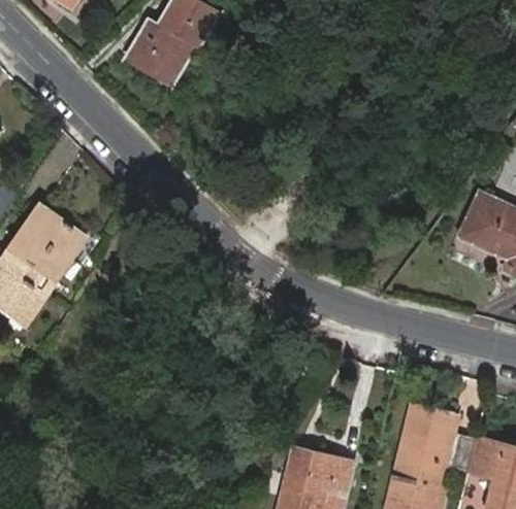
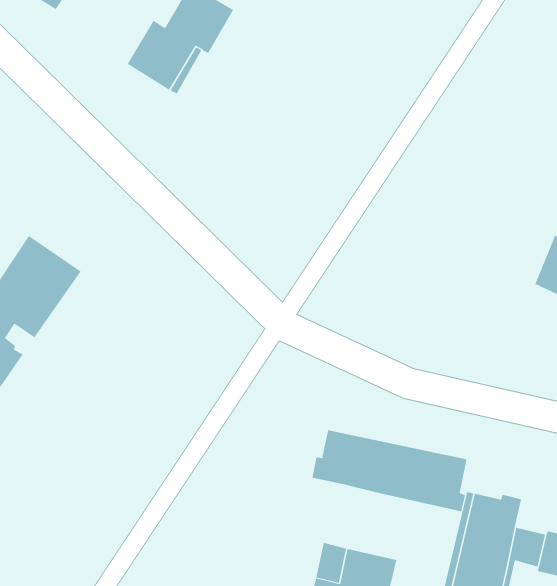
building: none -> [312,429,467,512]

